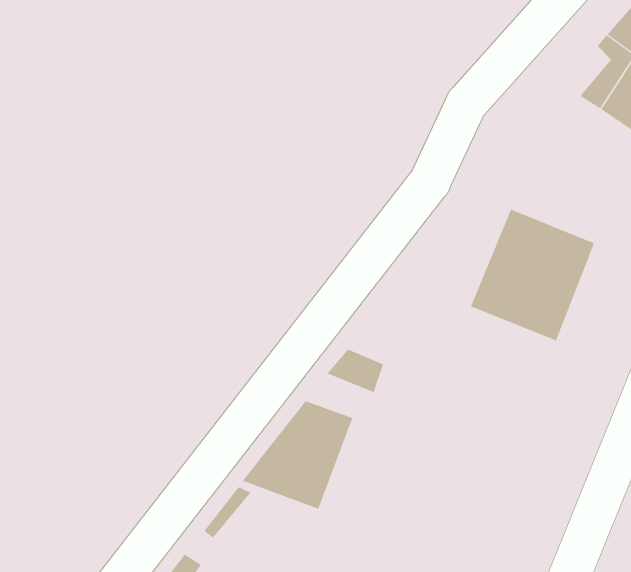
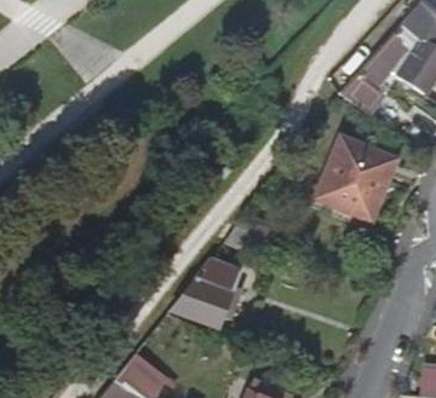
building: none -> [339,34,405,109]

